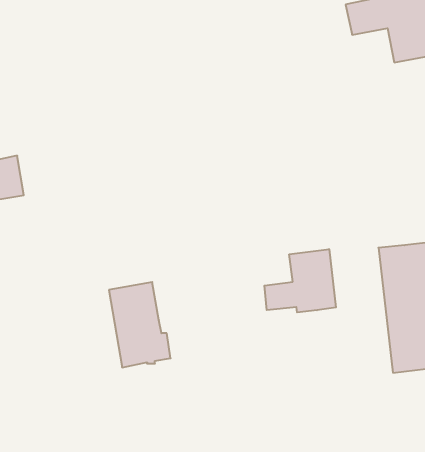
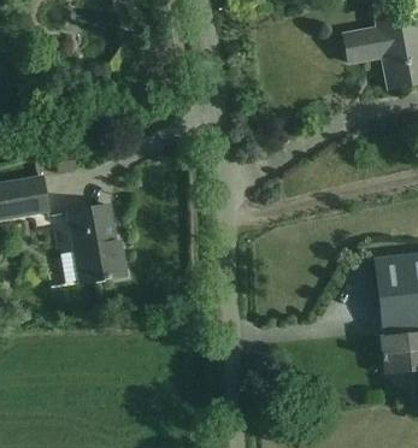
building: [264,249,336,312] -> none
building: [109,282,171,367] -> [69,206,125,284]

